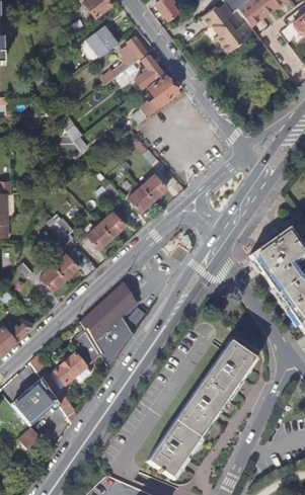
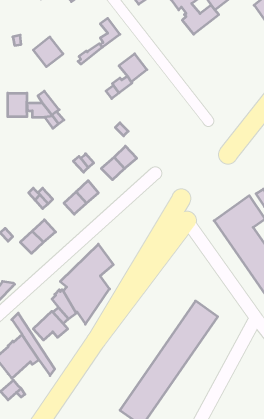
building: [86,24,119,57] -> [33,37,63,67]
building: [135,54,162,87] -> none
building: none -> [8,93,27,117]

